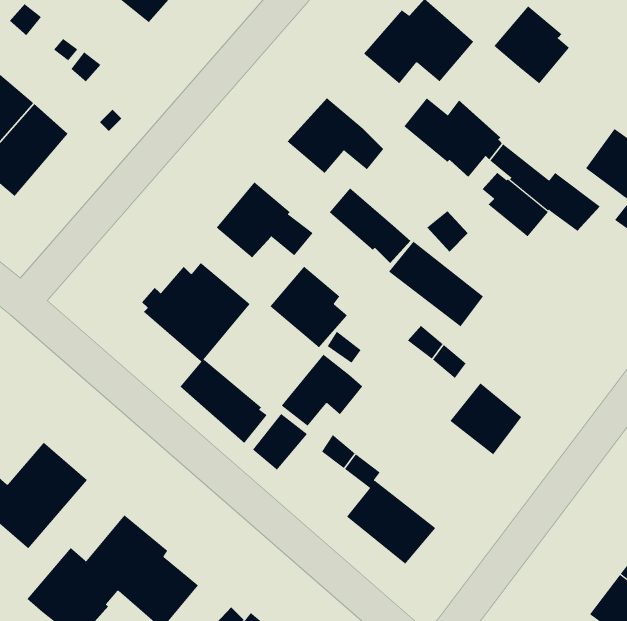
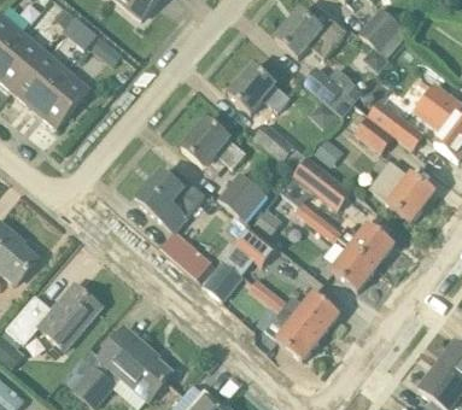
building: none -> [373,165,433,222]
building: none -> [349,222,393,266]
building: none -> [282,292,339,336]

